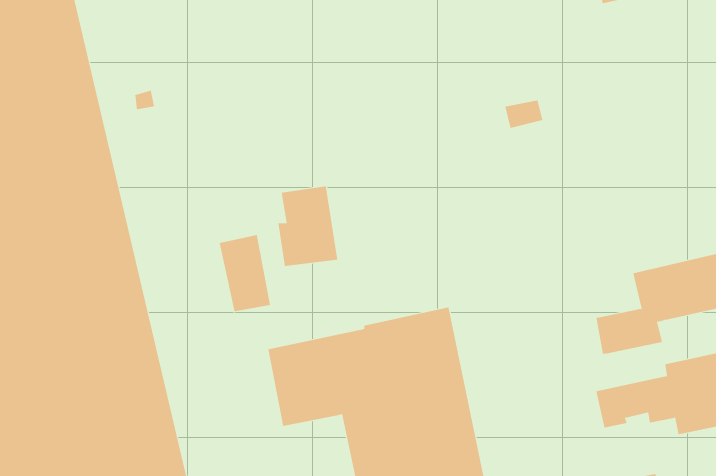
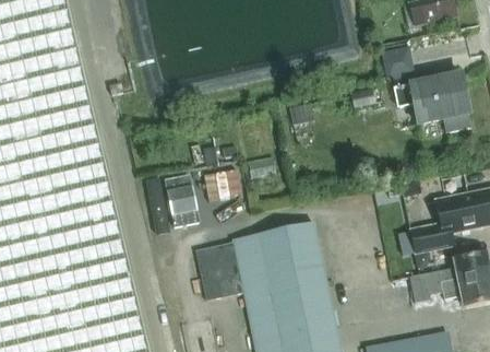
building: none -> [382,48,413,81]
building: none -> [394,75,469,133]

